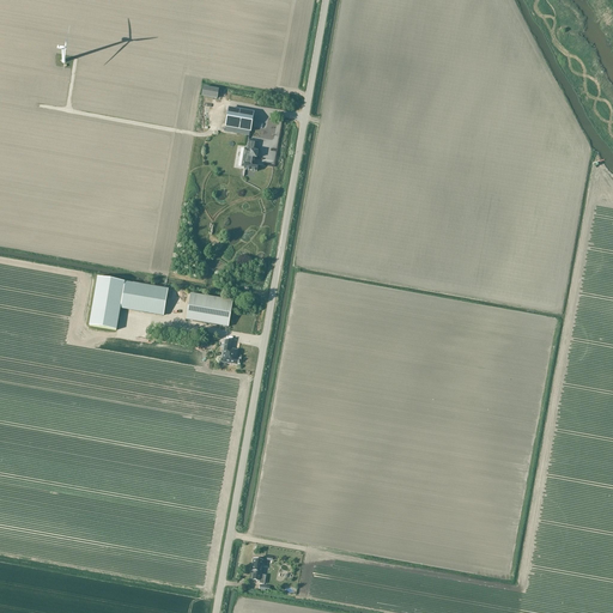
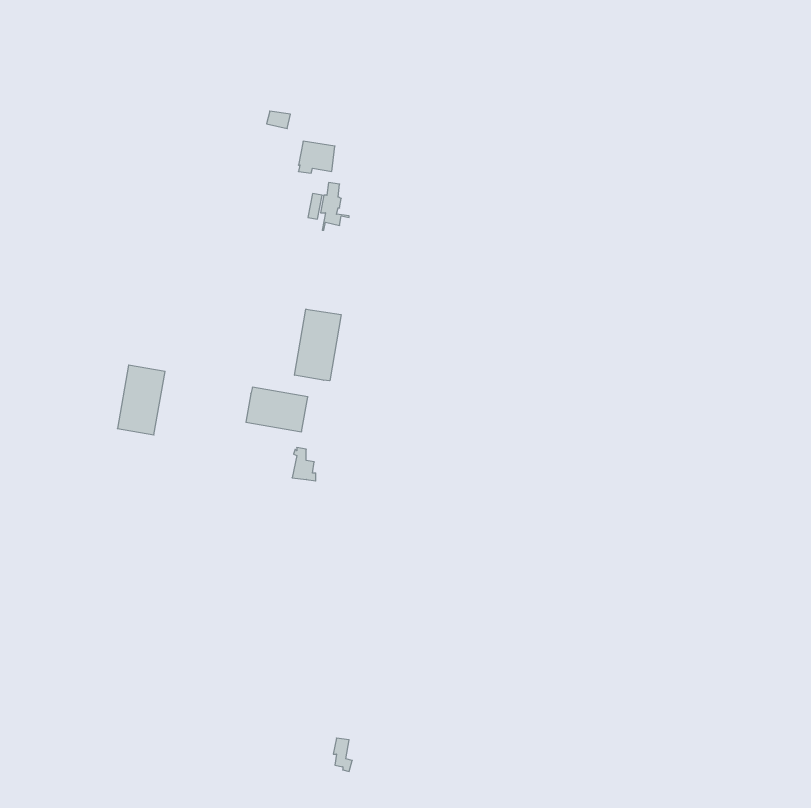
building: none -> [295,309,341,381]
building: [128,281,168,314] -> none

